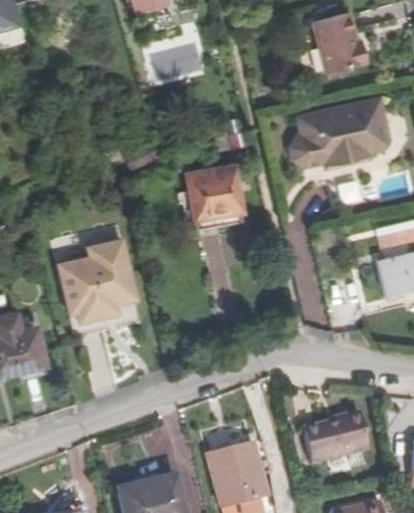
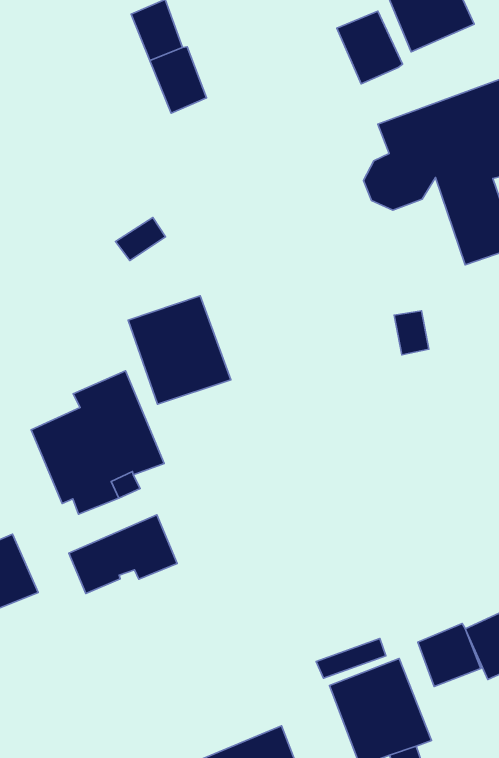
building: none -> [337,11,403,84]
building: [187,169,244,231] -> [128,296,231,404]
building: none -> [69,515,177,593]
building: none -> [418,623,481,687]

